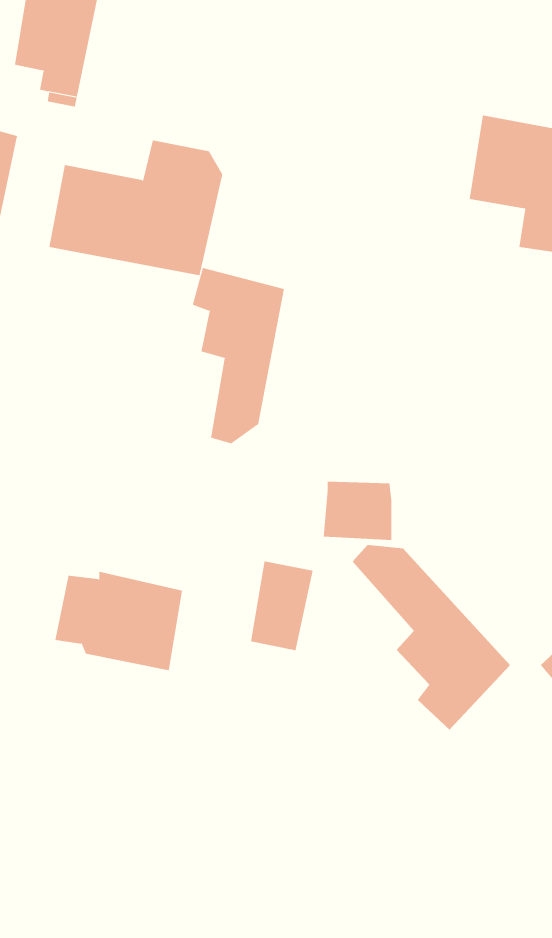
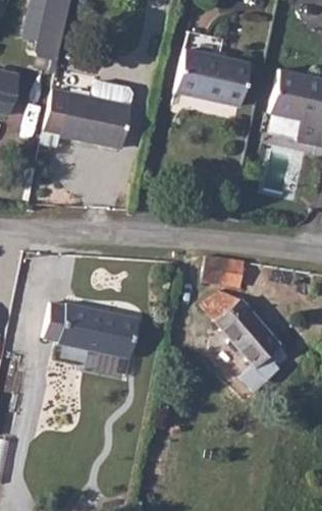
building: none -> [169,45,242,102]
building: [192,267,284,444] -> none
building: [250,561,314,651] -> [108,318,142,365]

